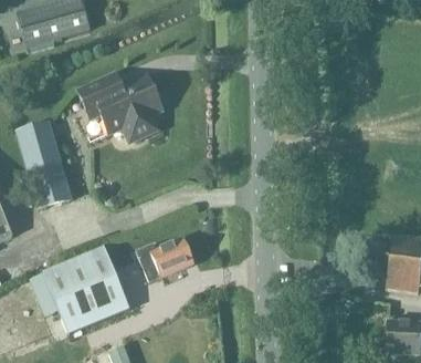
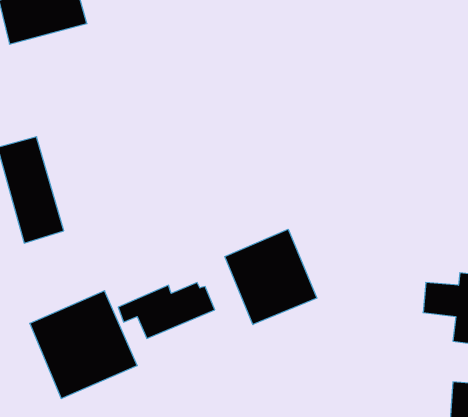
building: [77,75,160,139] -> none
building: none -> [225,229,317,325]

